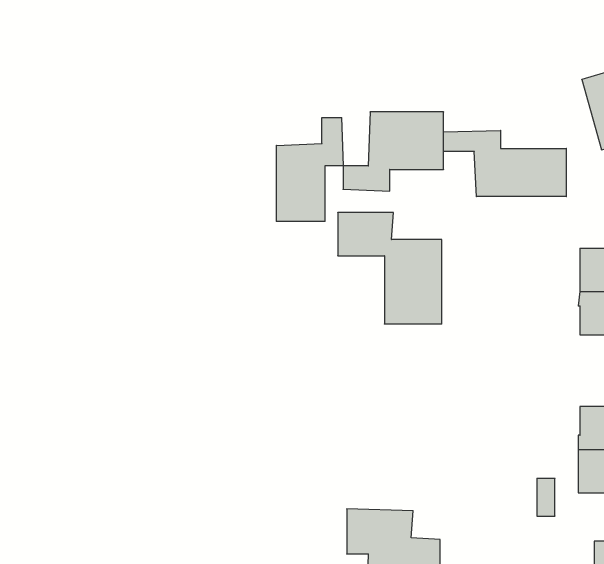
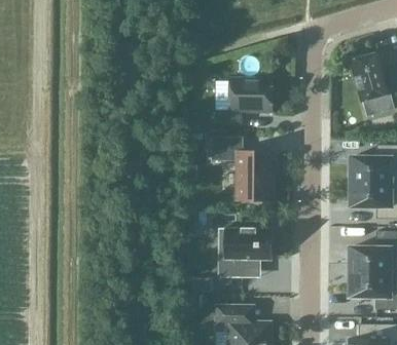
building: [276,118,343,221] -> none
building: [444,130,566,197] -> none
building: none -> [217,229,269,277]

